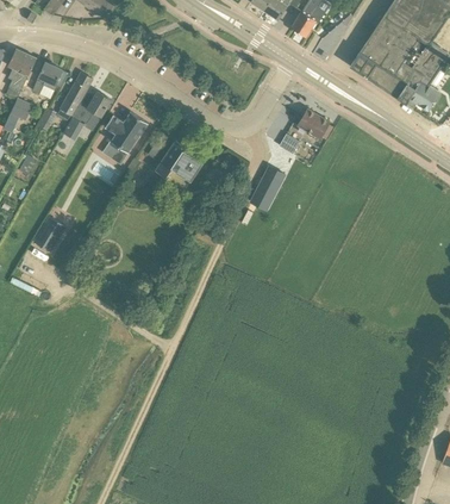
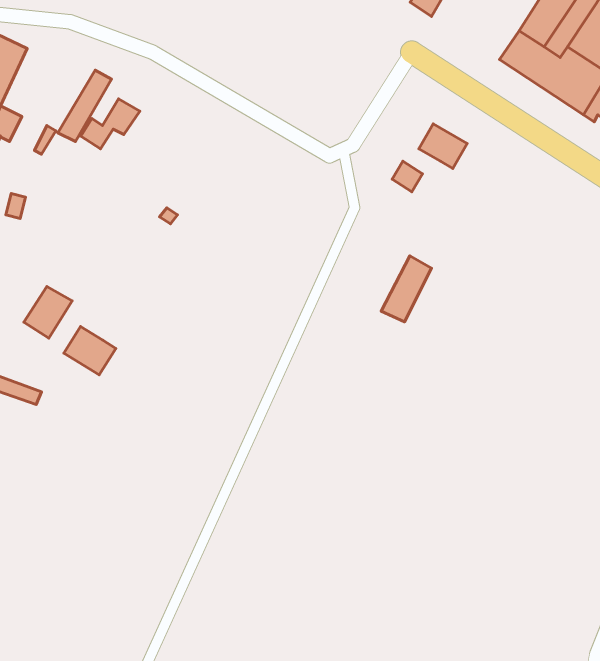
building: [32,61,68,93] -> none
building: [105,110,149,151] -> none
building: [157,139,202,191] -> none
building: [251,164,285,209] -> [381,256,431,322]
building: none -> [64,327,116,375]

